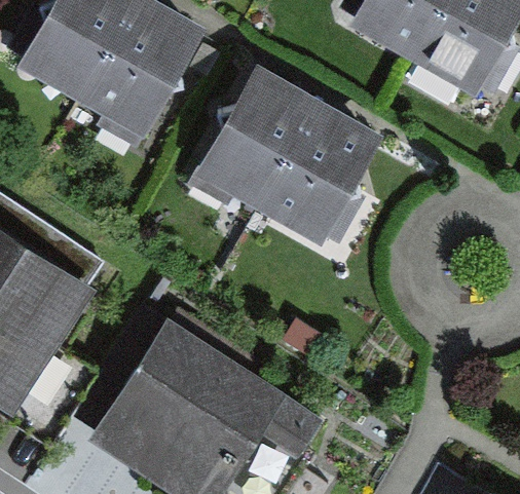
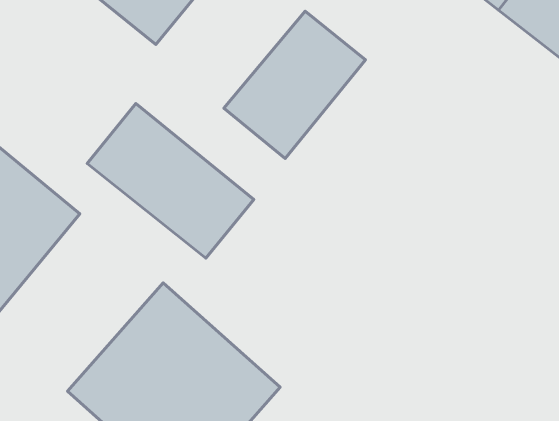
building: [257,113,366,237] -> none
building: none -> [87,103,254,258]

